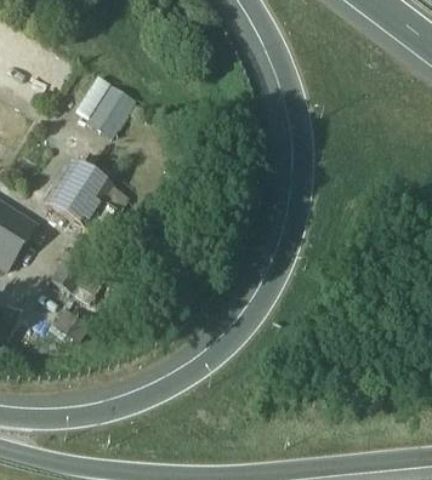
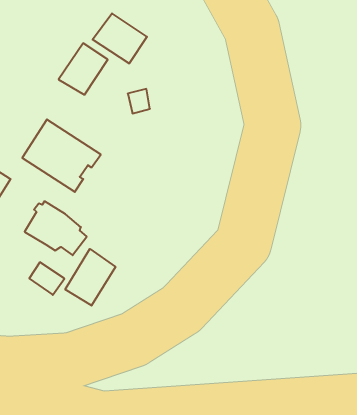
building: none -> [93,13,147,64]
building: none -> [65,249,115,306]

